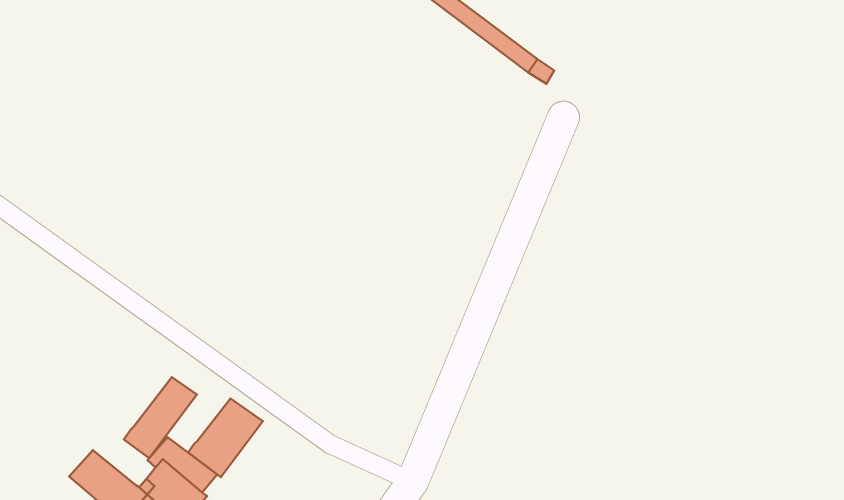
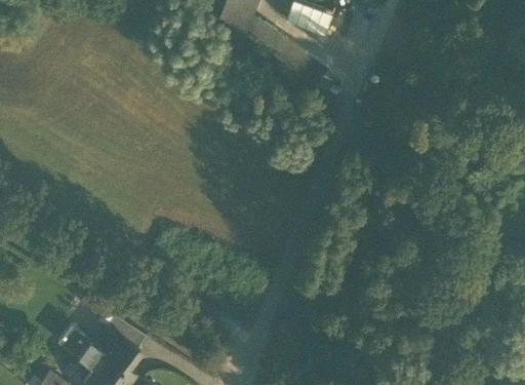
building: [124,377,197,458] -> none
building: [188,399,263,477] -> none

